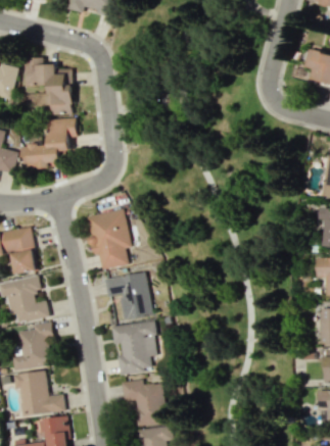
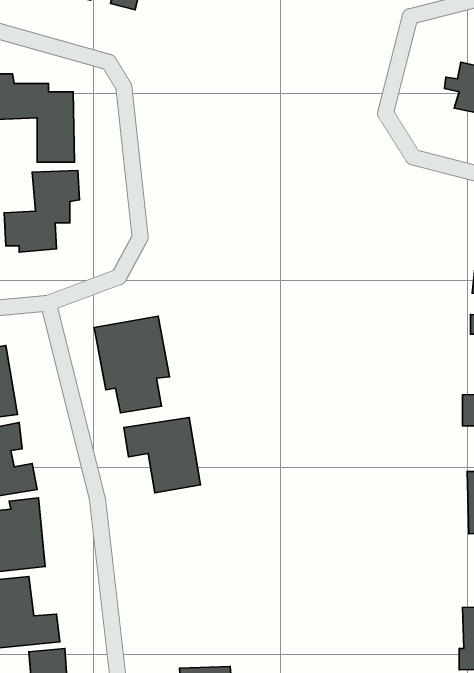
building: [110,320,158,375] -> none
building: [121,380,168,425] -> none

